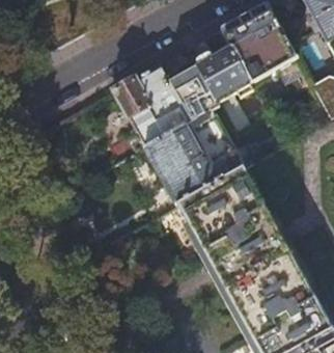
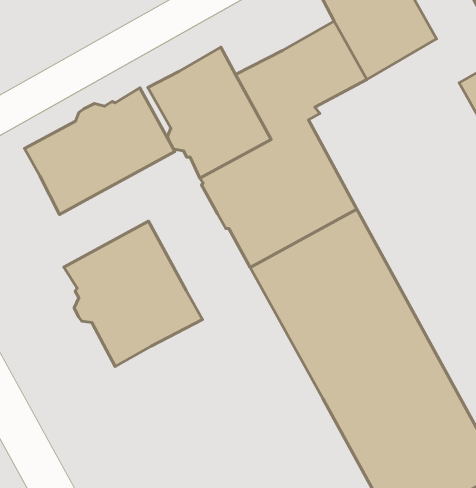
building: none -> [24,88,175,215]
building: none -> [64,221,202,366]

